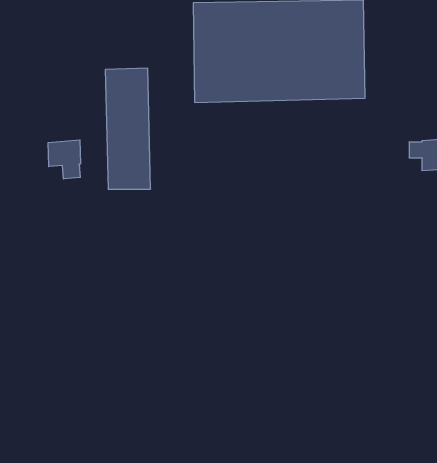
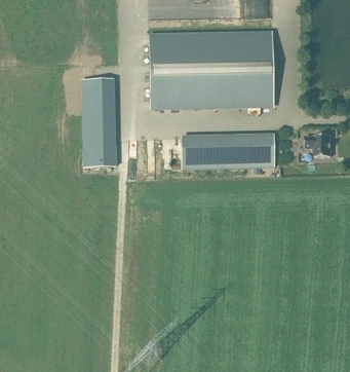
building: [48,140,81,179] -> none
building: none -> [180,134,273,168]

